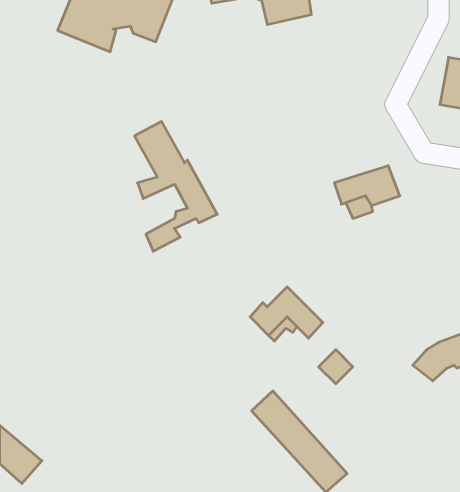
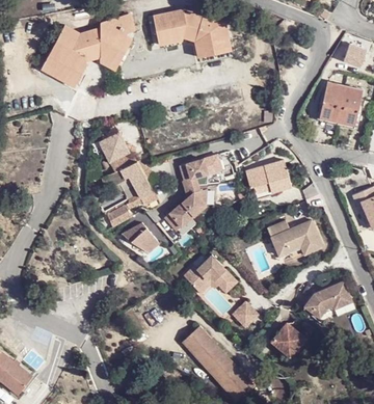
building: none -> [164,155,221,231]
building: none -> [265,220,323,259]
building: none -> [122,223,159,252]
building: none -> [270,320,306,356]

